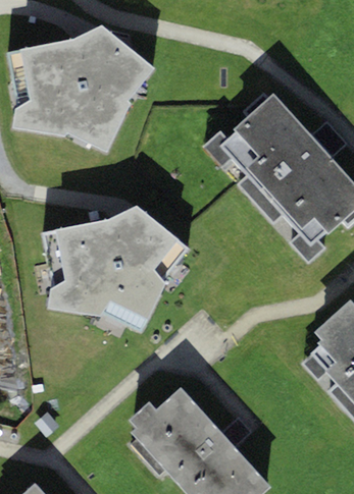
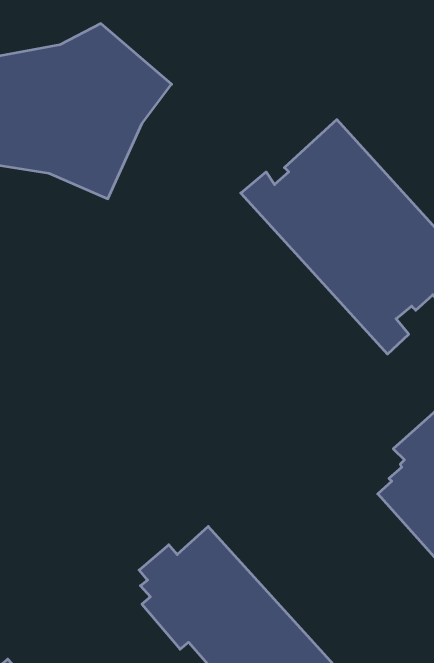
building: [43,205,188,328] -> none

